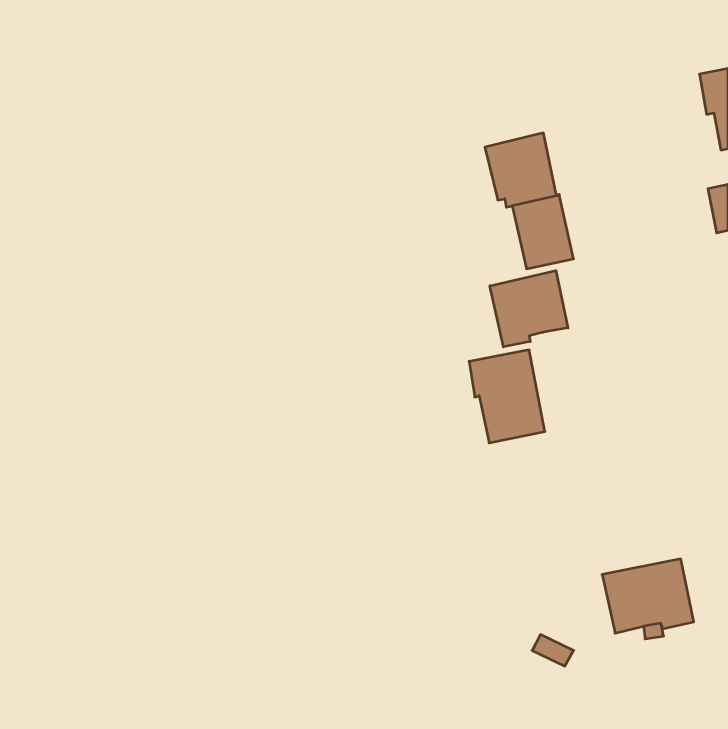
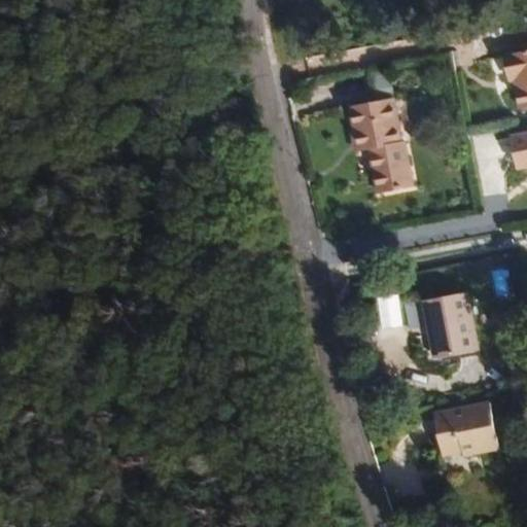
building: [490,271,568,347] -> none
building: [469,350,545,443] -> [423,292,478,359]

